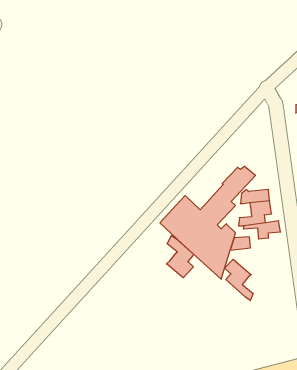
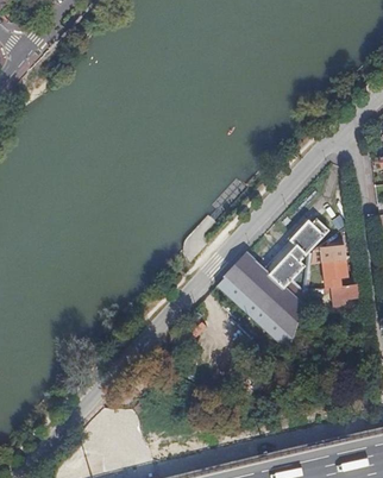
building: [166,236,194,278] -> none
building: [225,259,253,301] -> none

